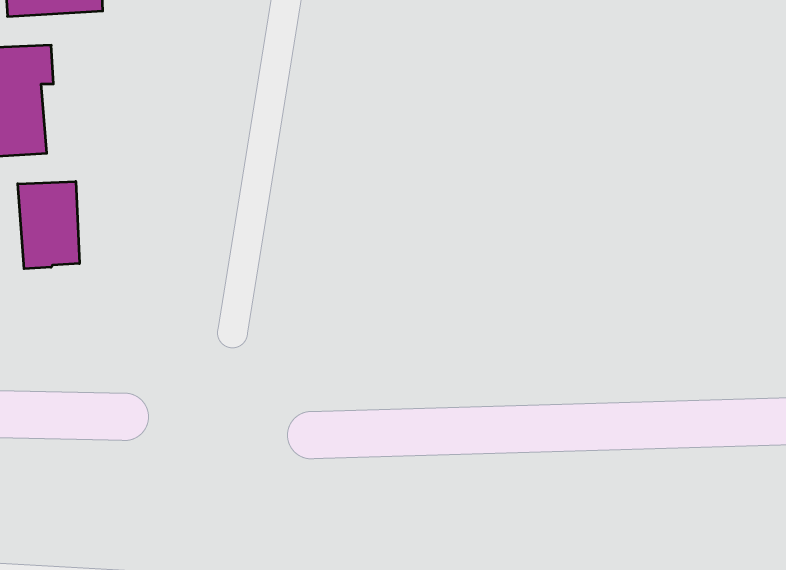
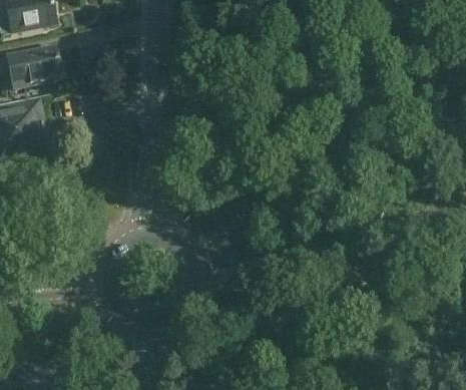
building: [18,181,79,269] -> none

